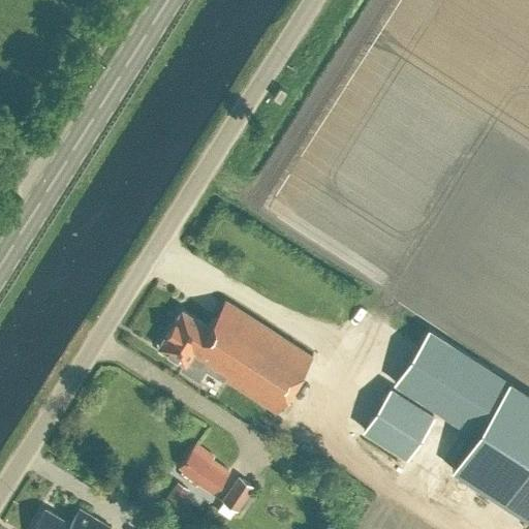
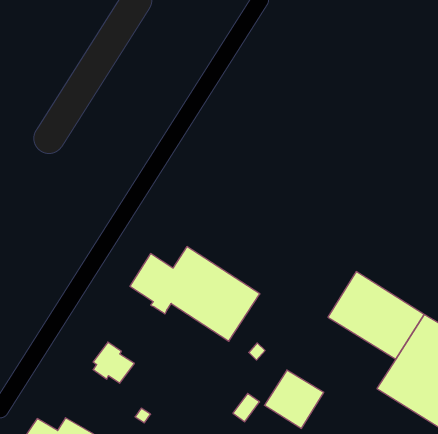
building: [365,391,436,461] -> [264,370,324,428]
building: [180,446,229,496] -> [93,342,134,383]
building: [223,479,255,514] -> [233,393,260,422]

